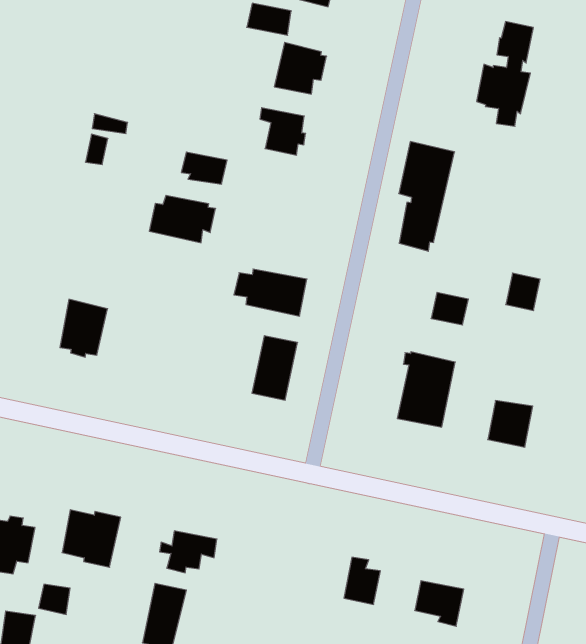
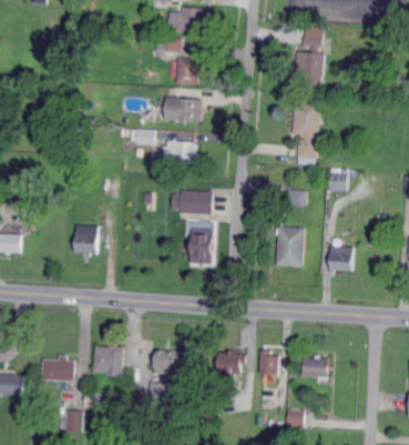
building: [399,142,455,251] -> [292,102,320,164]
building: [149,195,216,243] -> [161,140,197,164]
building: none -> [217,348,245,373]

